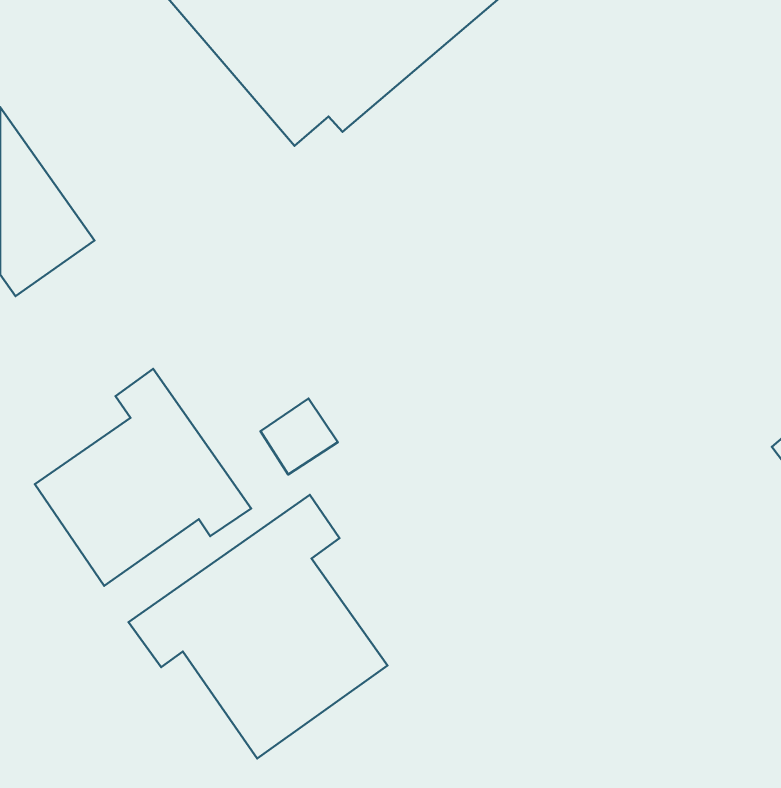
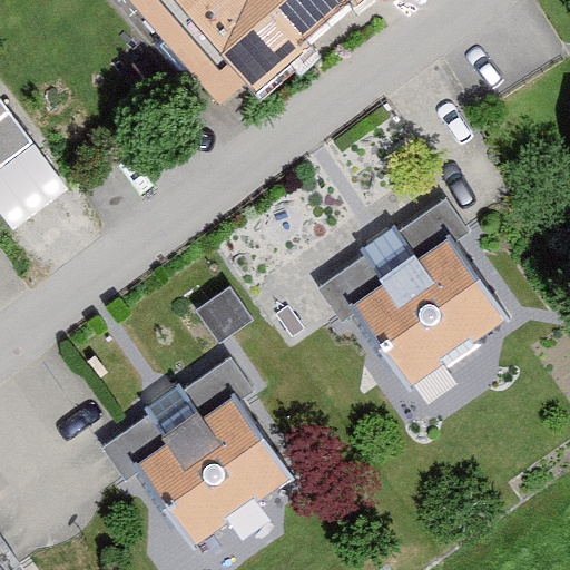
building: none -> [317,196,502,385]
building: [35,369,251,586] -> none

